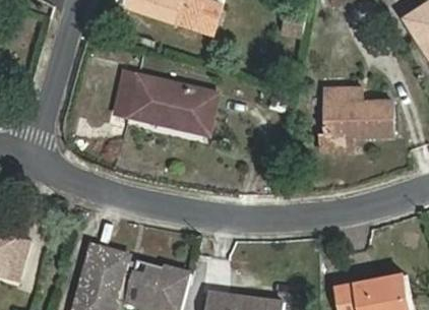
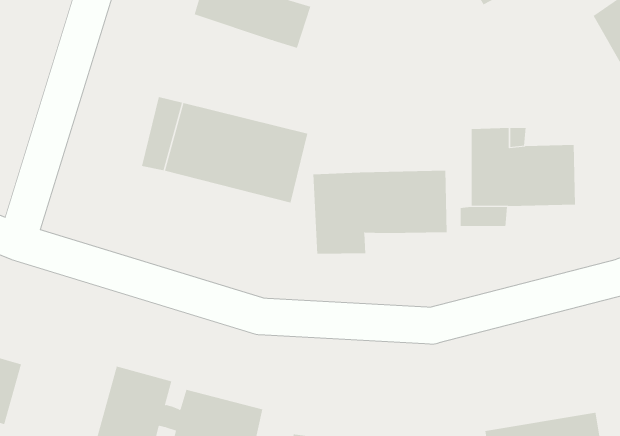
building: none -> [313,170,447,254]

